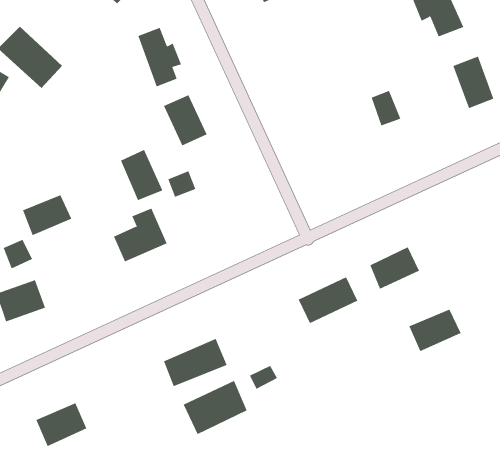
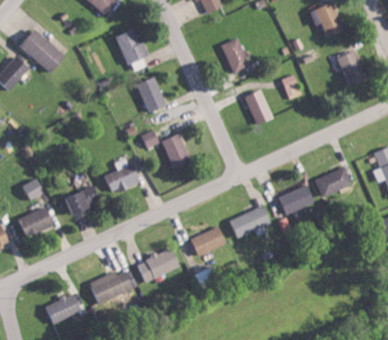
building: none -> [220,37,250,74]
building: none -> [246,90,273,124]
building: [120,149,163,201] -> [161,133,191,169]
building: [22,194,72,236] -> [66,186,101,215]
building: none -> [190,226,227,257]
building: [408,309,461,352] -> [315,167,352,198]
building: [183,380,247,435] -> [90,266,135,304]

